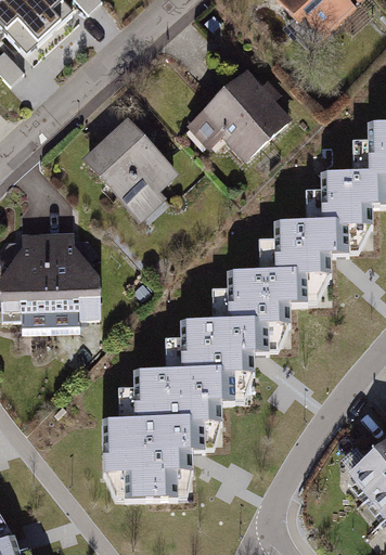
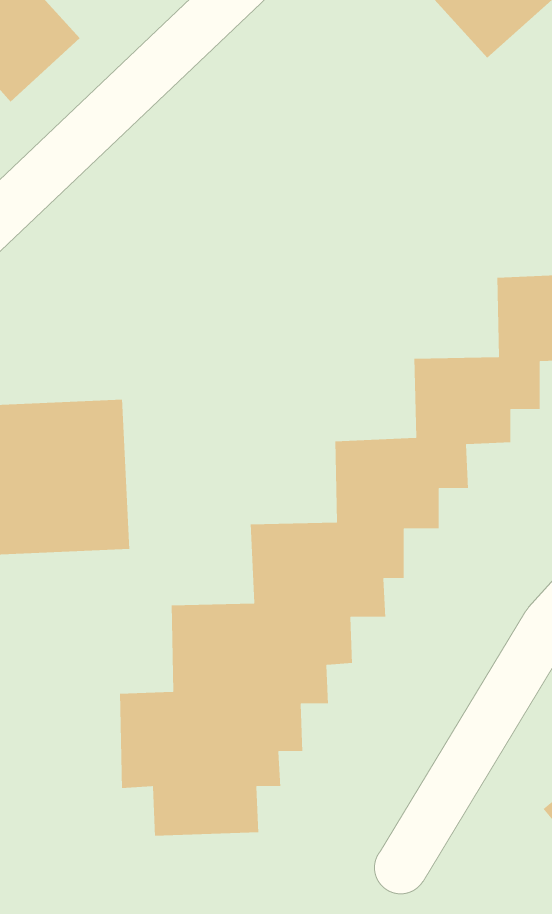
building: [181,70,295,165] -> none
building: [82,126,177,219] -> none

